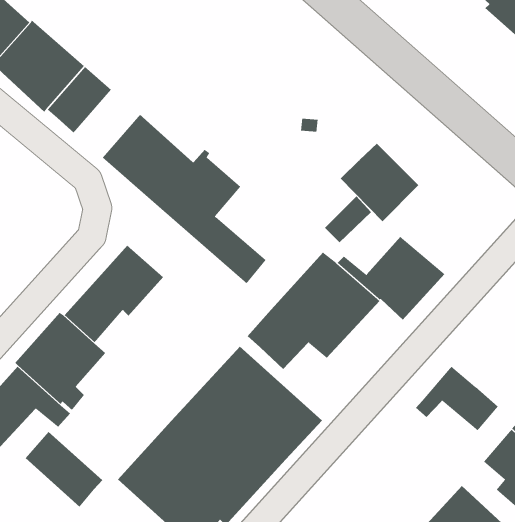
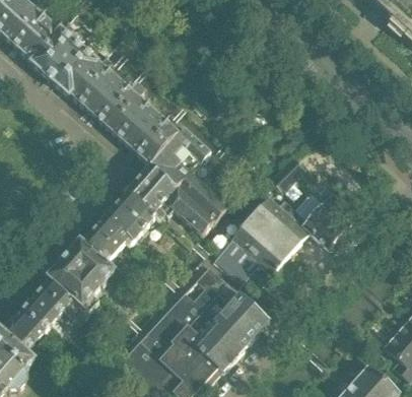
building: none -> [90,78,143,127]
building: [340,143,419,222] -> none
building: none -> [128,162,215,231]
building: [415,366,499,431] -> none
building: [25,431,103,507] -> none

